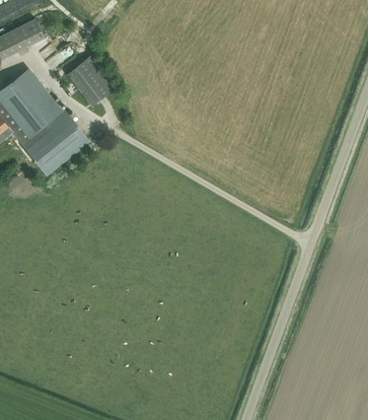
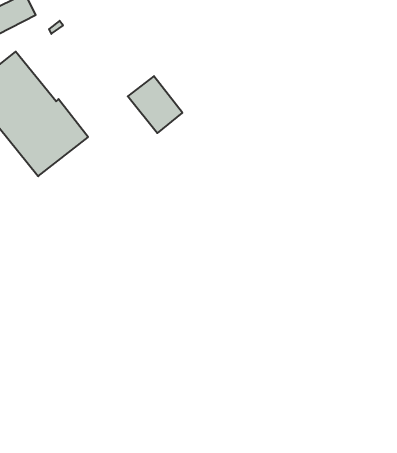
building: [67,57,114,106] -> [128,76,182,133]

